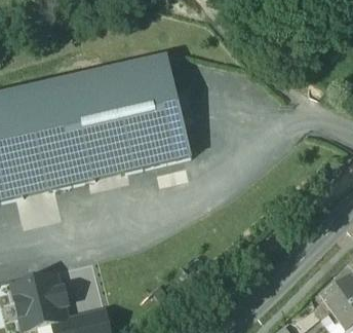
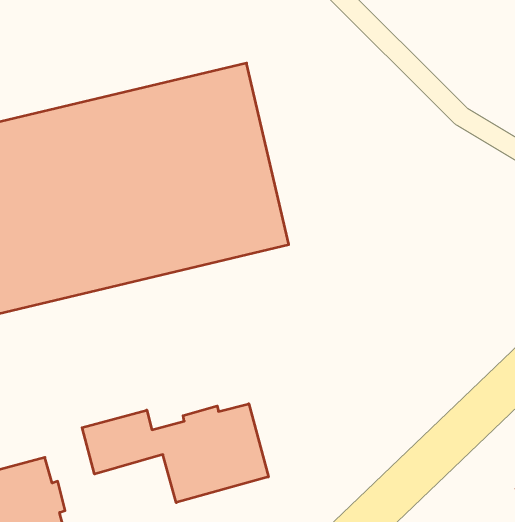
building: none -> [82,404,268,503]

